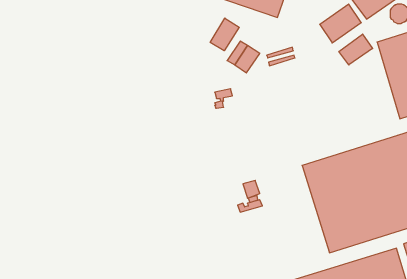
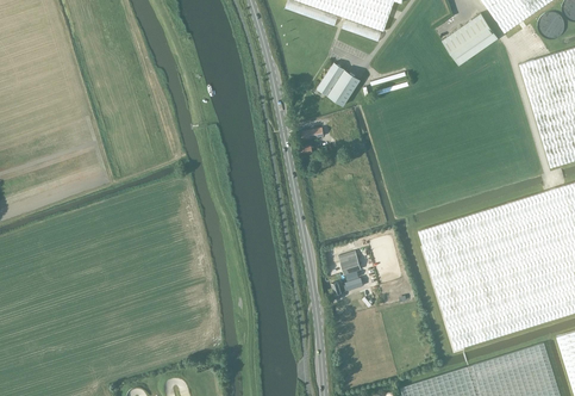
building: [210,18,239,51] -> none
building: [339,34,373,65] -> none

